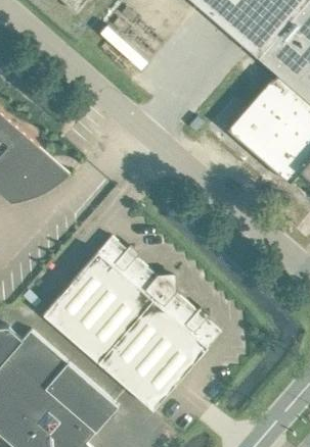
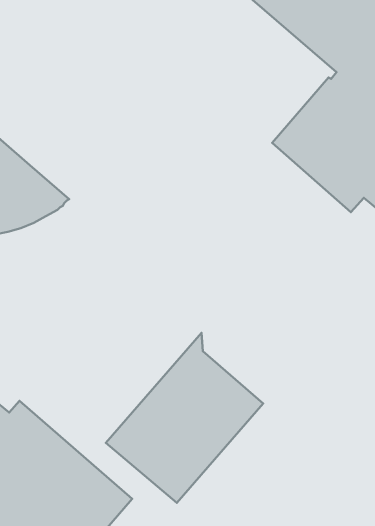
building: [42,238,172,363] -> none

